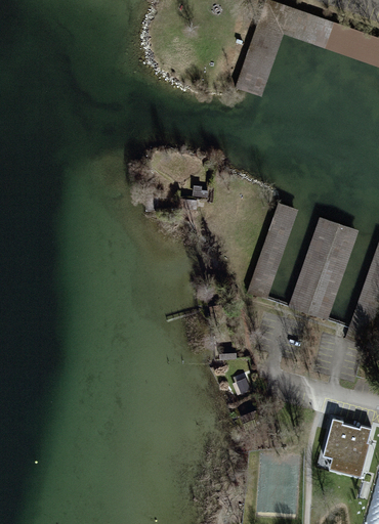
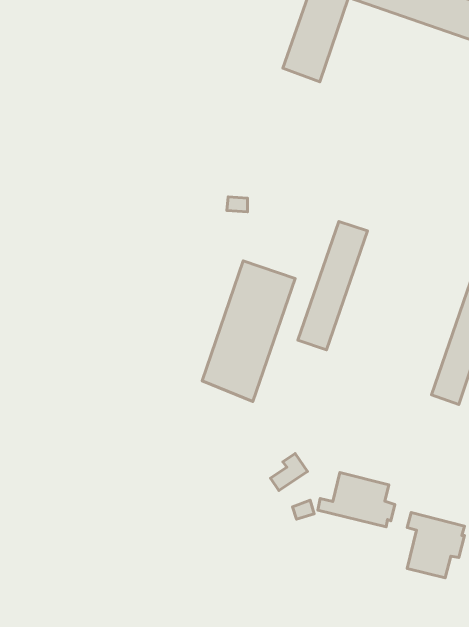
building: [289,217,359,322] -> [202,261,295,401]
building: none -> [318,473,395,527]

